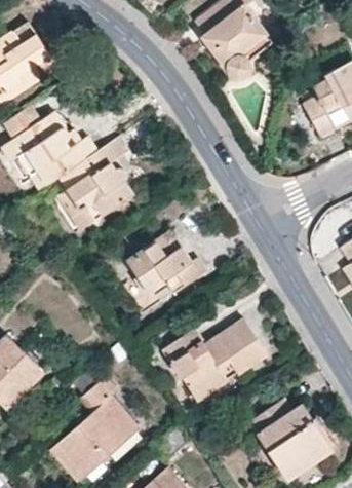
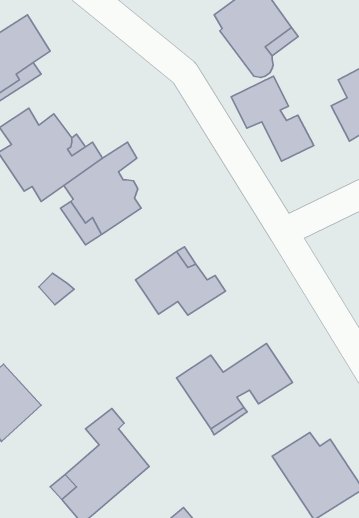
building: none -> [231,76,314,161]

